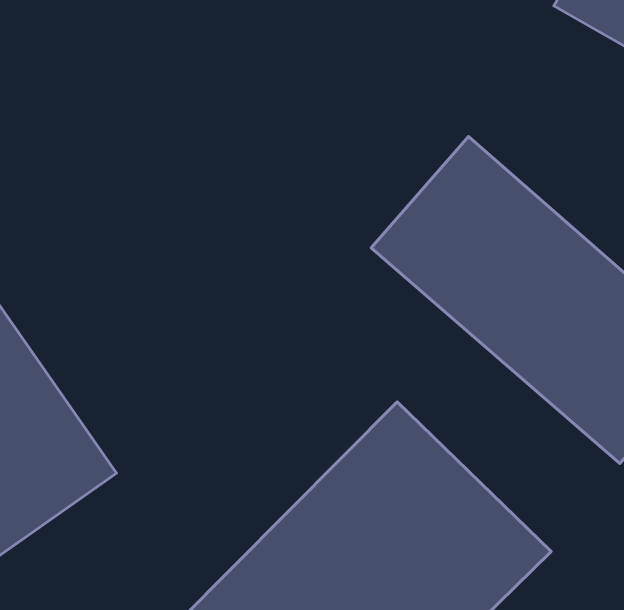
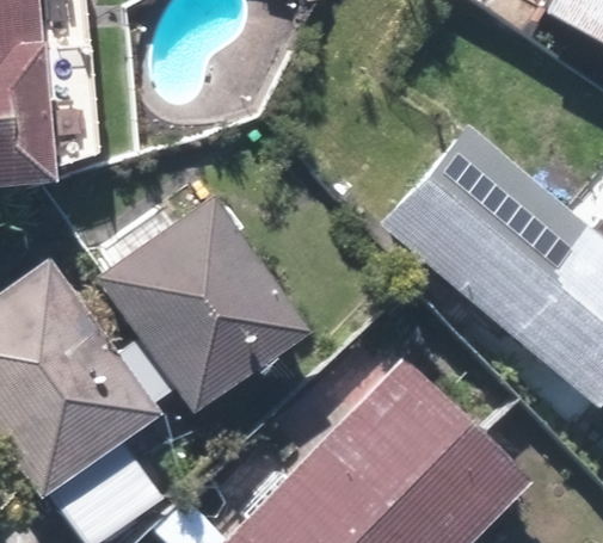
building: none -> [99,200,308,413]

